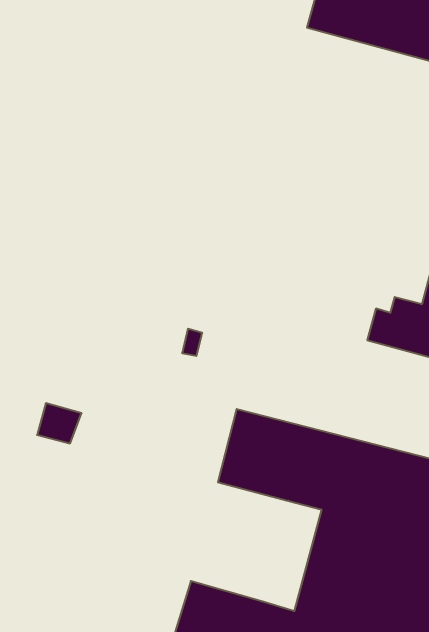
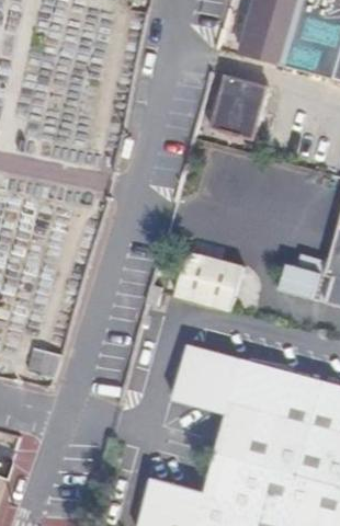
building: none -> [214,77,268,137]
building: none -> [179,251,247,311]
building: none -> [207,415,253,500]

